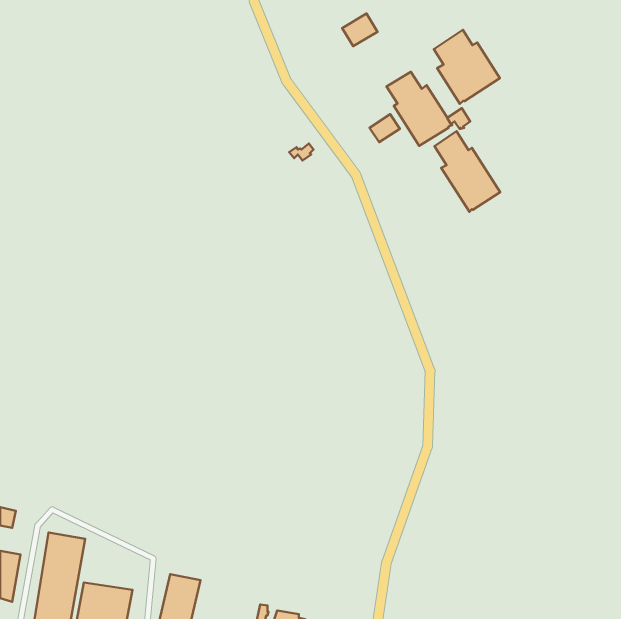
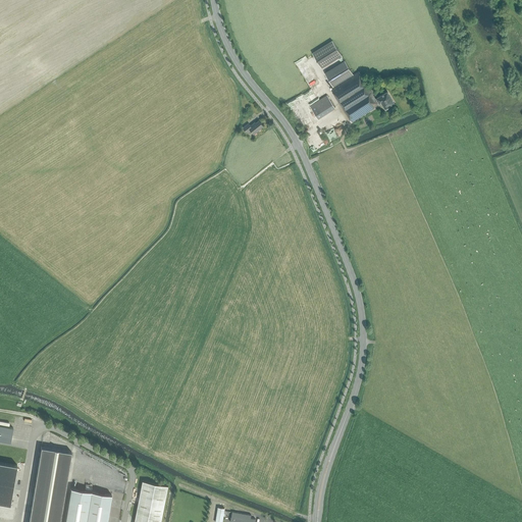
building: [342,13,377,46] -> [312,43,342,70]
building: [434,30,500,104] -> none
building: [434,131,500,212] -> none

